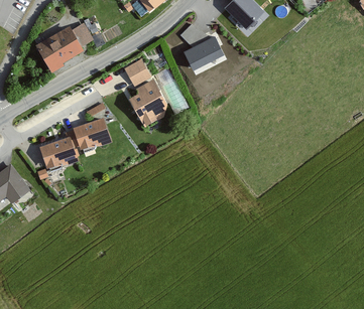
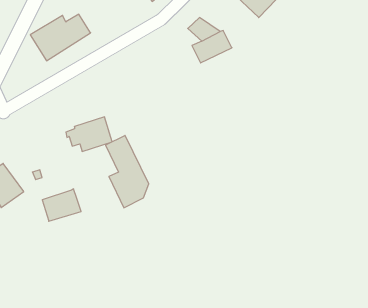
building: [123,58,163,126] -> [106,135,149,208]
building: [40,137,77,167] -> [42,189,81,221]

